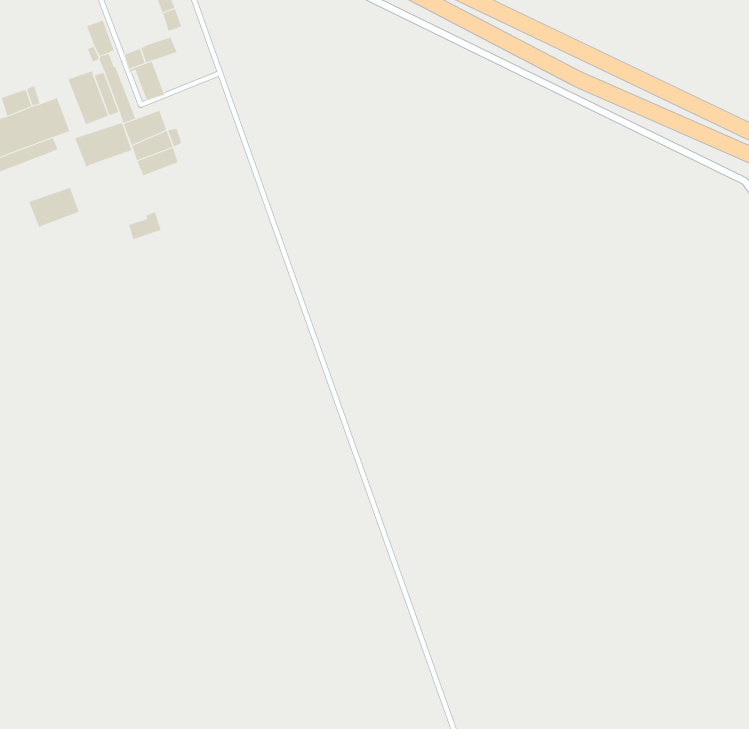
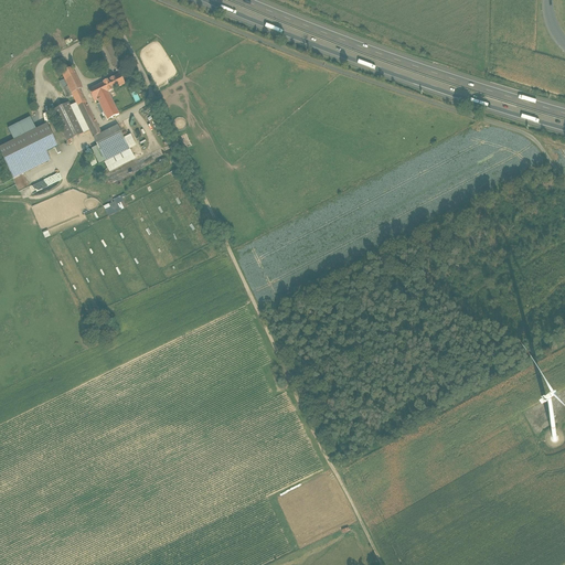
building: [75,122,132,168] -> none
building: [28,187,79,228] -> none

